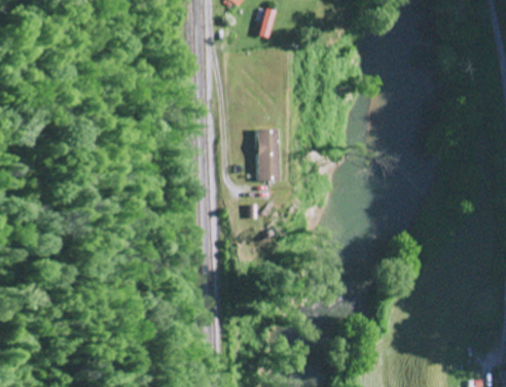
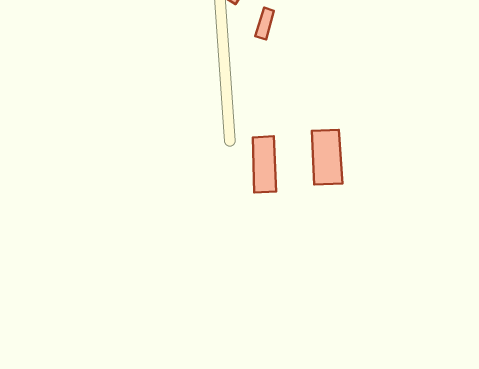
building: none -> [312,130,343,184]

